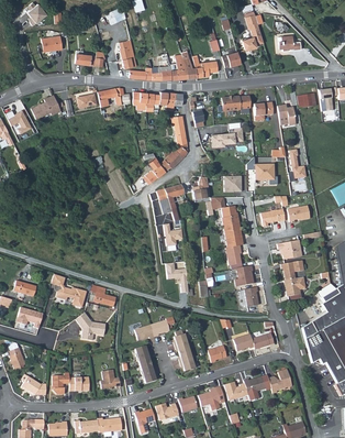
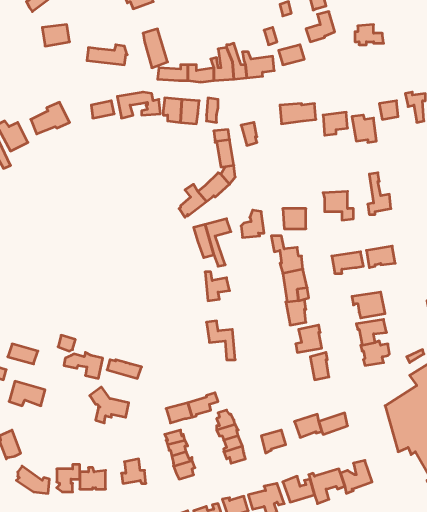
building: [212,122,243,146] -> none

